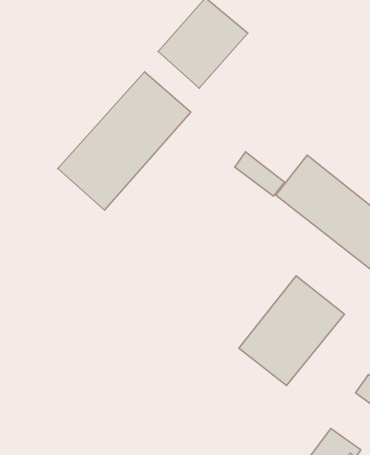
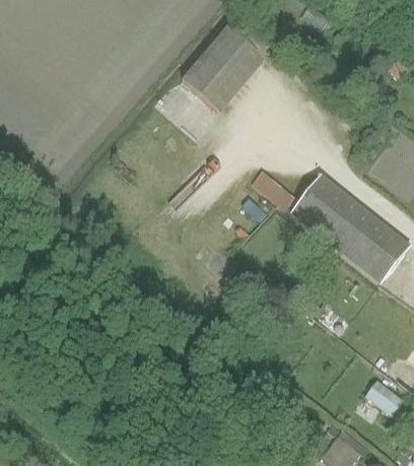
building: [58,72,191,210] -> none
building: [239,276,344,386] -> none

